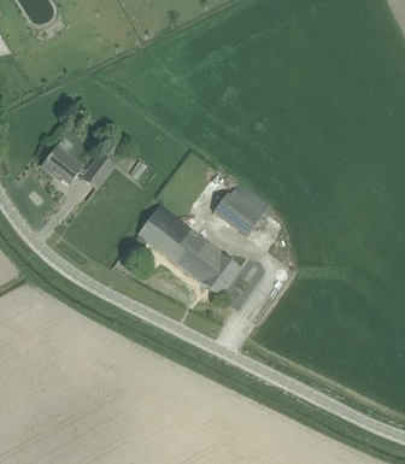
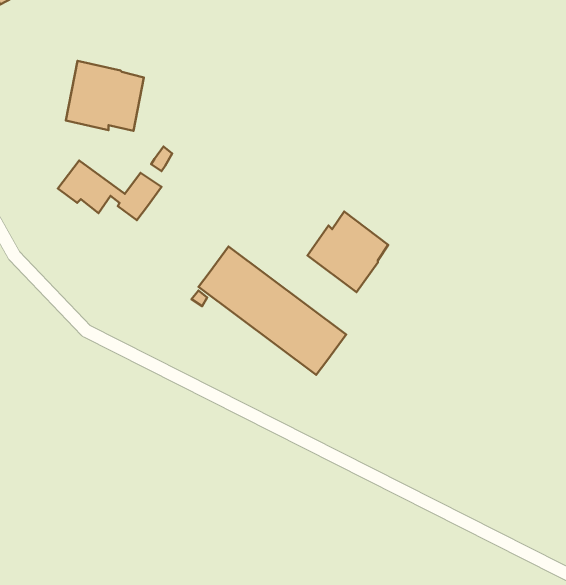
building: none -> [66,61,144,131]

